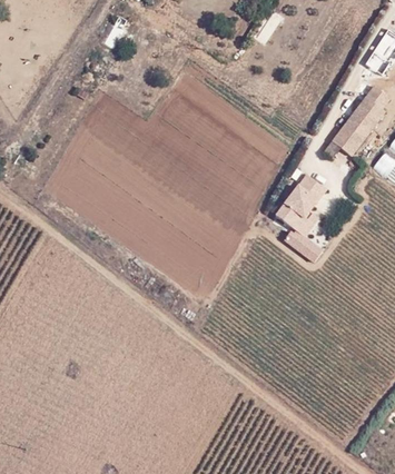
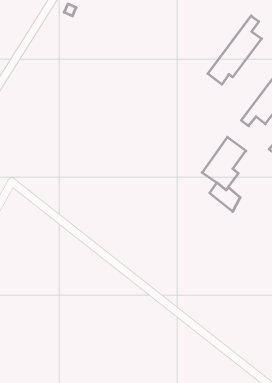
building: none -> [208,16,262,84]

